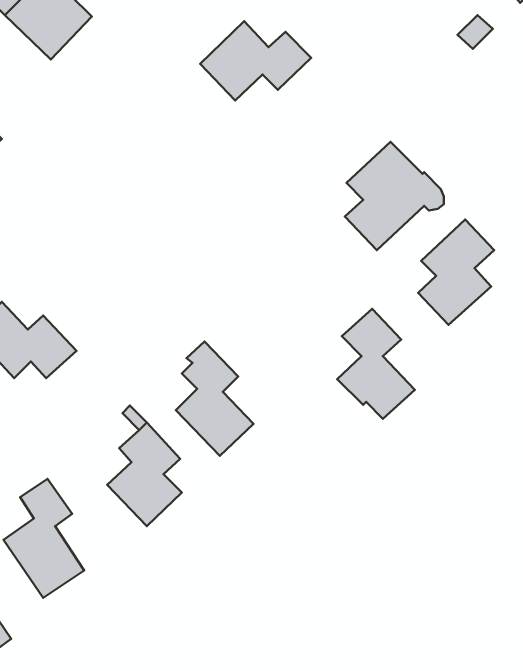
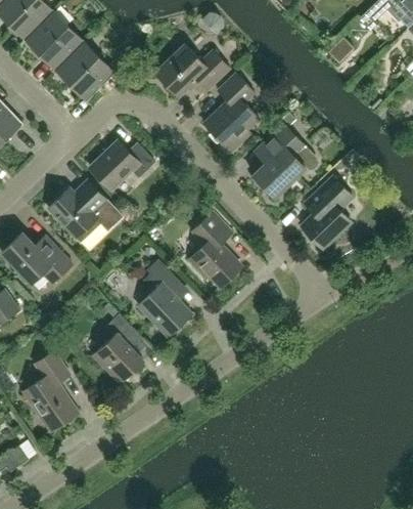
building: none -> [55,40,130,100]
building: none -> [204,73,258,152]
building: none -> [90,140,155,189]
building: none -> [48,179,123,242]
building: [337,309,415,419] -> [189,212,241,286]

